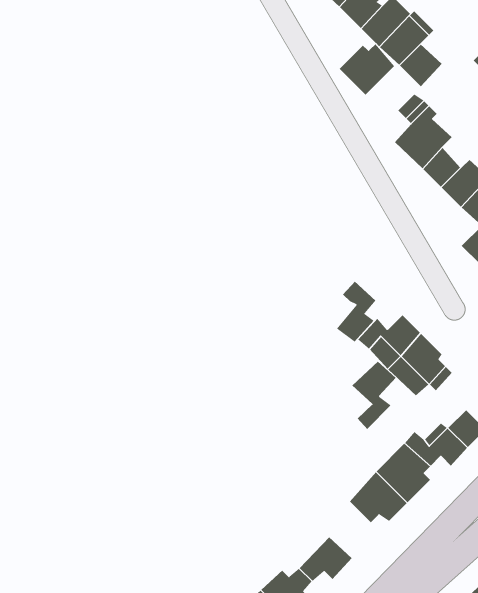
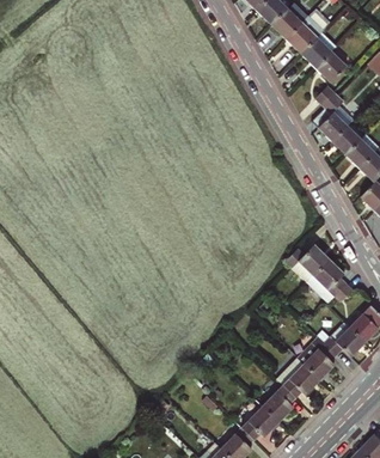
building: [339,43,395,96] -> none
building: [336,281,376,343] -> none
building: [351,361,397,430] -> none
building: none -> [265,384,298,420]

